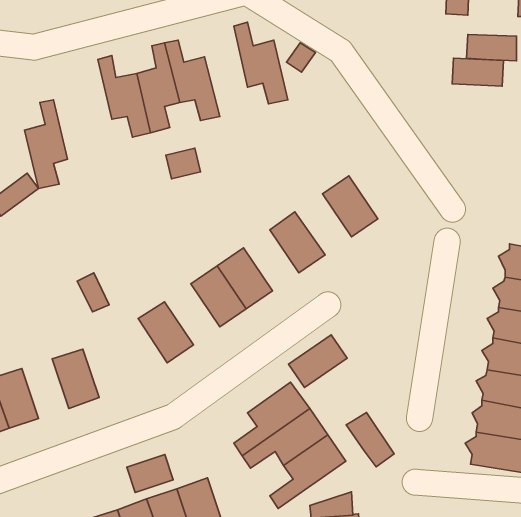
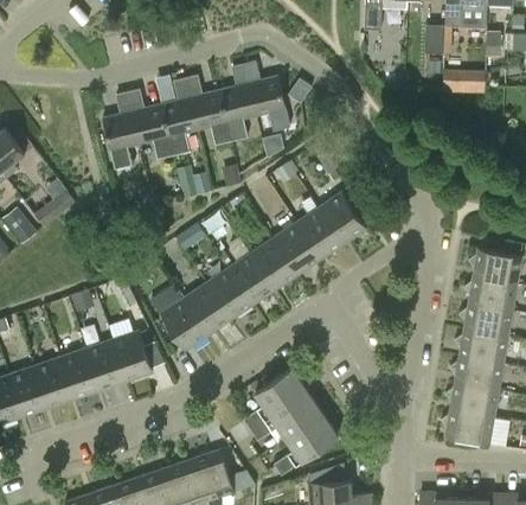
building: none -> [218,63,255,140]
building: [452,58,504,86] -> none
building: [25,100,67,188] -> [102,91,139,167]
building: none -> [295,206,344,258]
building: none -> [251,237,299,289]
building: none -> [184,283,231,335]
building: [289,335,347,388] -> none
building: none -> [114,330,154,381]
building: none -> [62,347,102,398]
building: [346,412,394,467] -> none
building: [127,455,173,493] -> none

